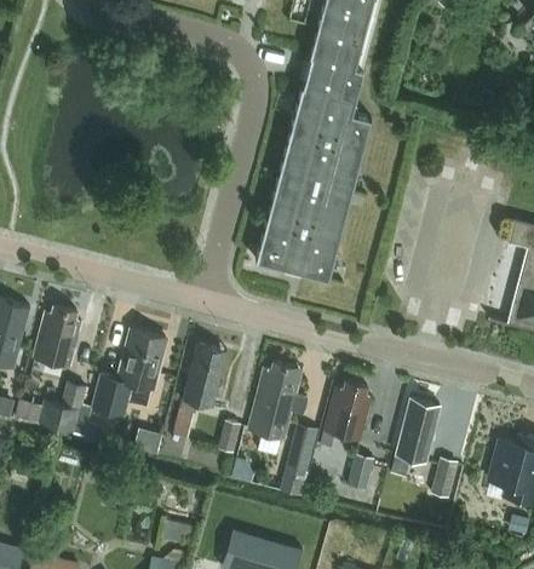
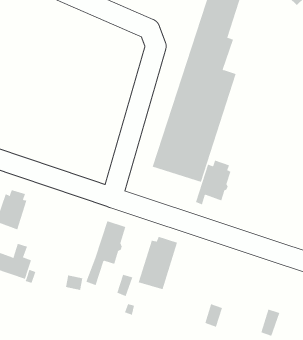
building: [91,332,166,418] -> none
building: [320,383,369,449] -> [195,160,231,205]
building: [390,400,440,479] -> none
building: [286,425,317,483] -> none

